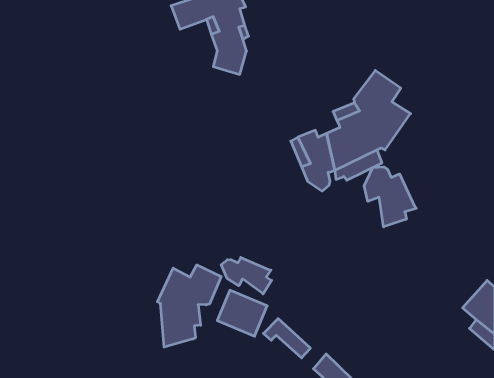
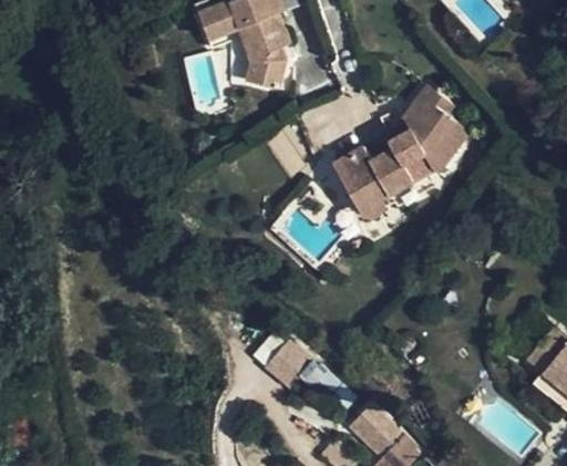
building: [364,167,416,227] -> none
building: [221,257,272,294] -> none
building: [157,265,221,347] -> none

